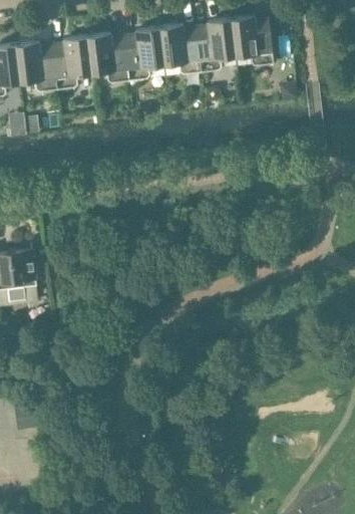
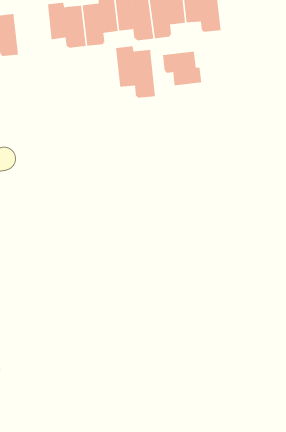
building: [52,35,91,89] -> none
building: none -> [115,46,156,99]
building: none -> [162,51,202,86]

